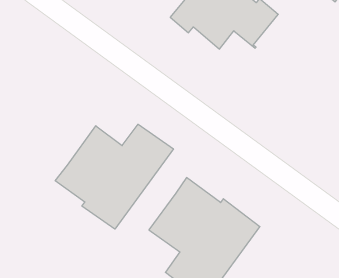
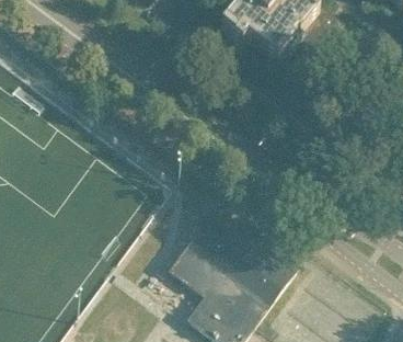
building: [55,124,173,229] -> none

